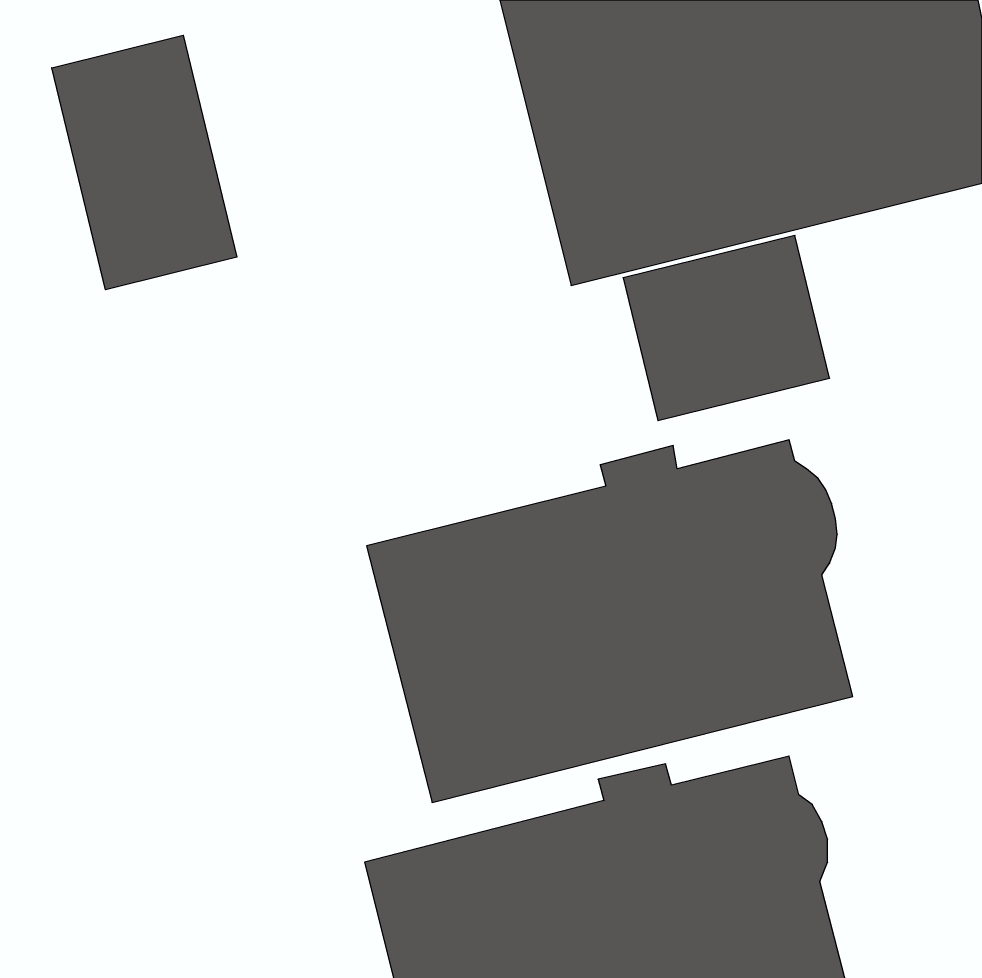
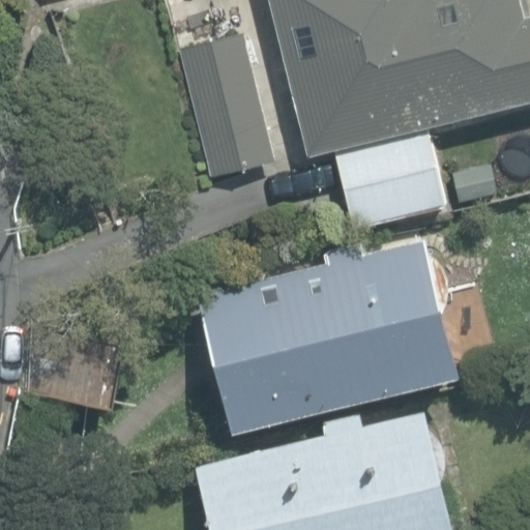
building: [52,35,237,290] -> none
building: none -> [179,34,274,178]

